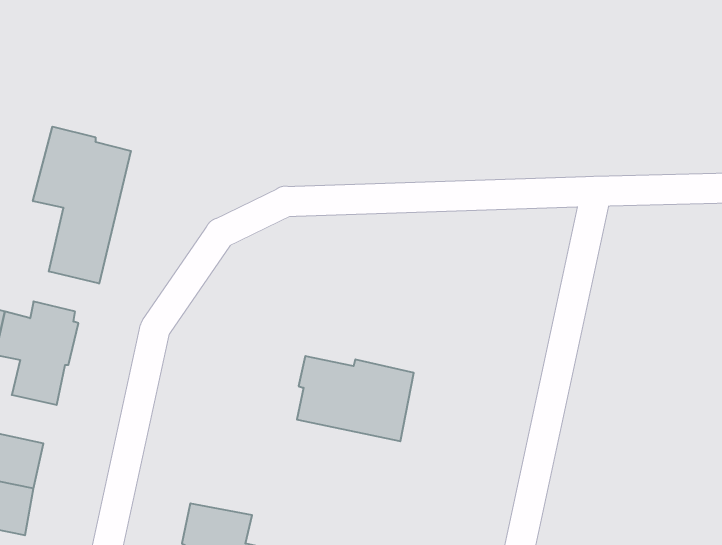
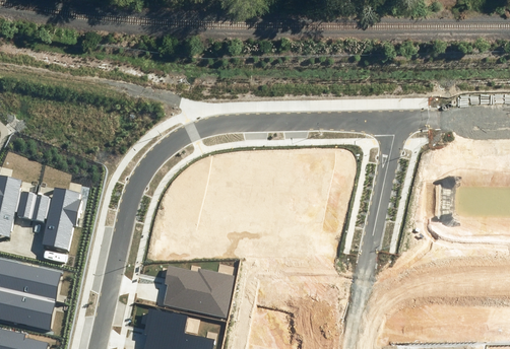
building: [33,127,131,284] -> none
building: [297,356,414,441] -> [163,266,234,318]

